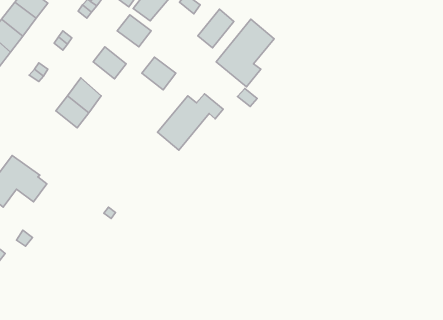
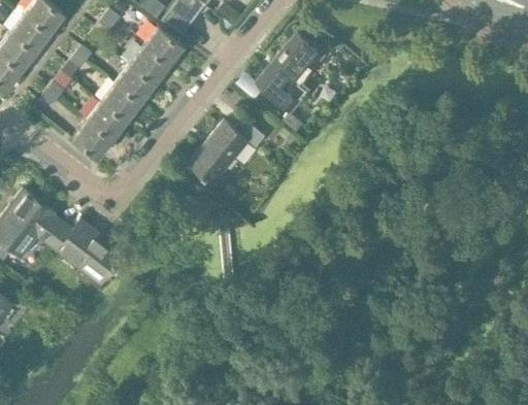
building: [198,9,234,48] -> none
building: [142,57,176,90] -> [129,46,168,85]
building: none -> [101,82,140,122]
building: none -> [46,221,124,274]

